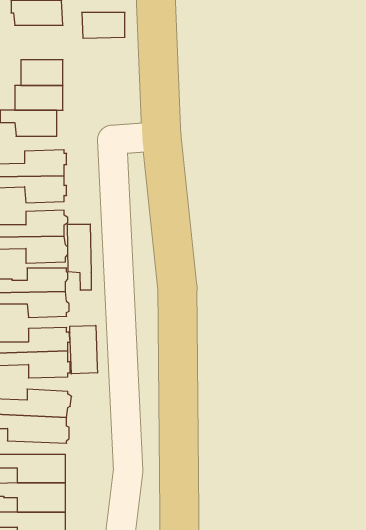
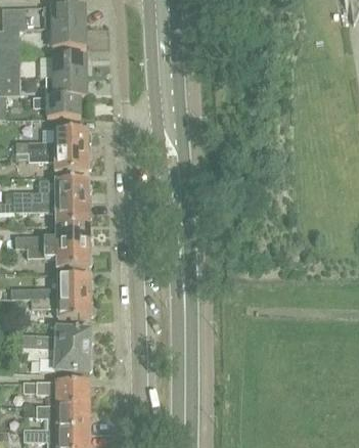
building: [82,12,125,38] -> [50,25,86,46]
building: [67,224,91,290] -> none
building: [70,325,97,374] -> none

